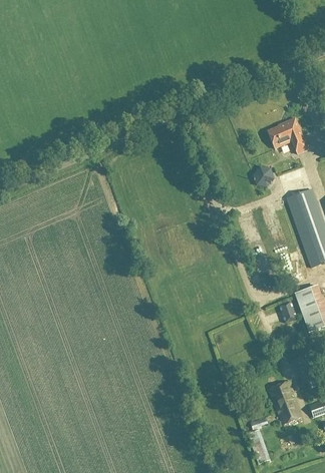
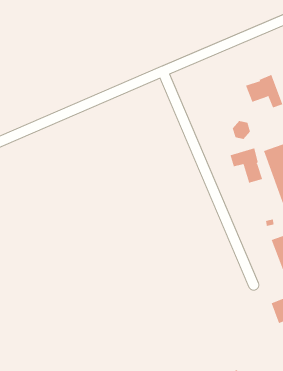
building: none -> [230,148,263,183]
building: [270,380,301,423] -> none

